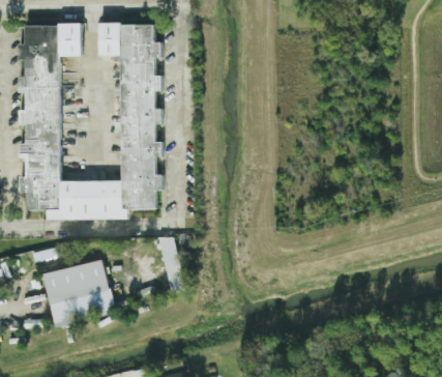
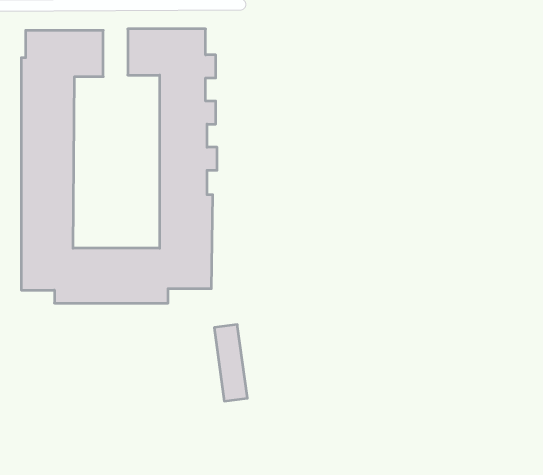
building: [42,260,114,327] -> none

